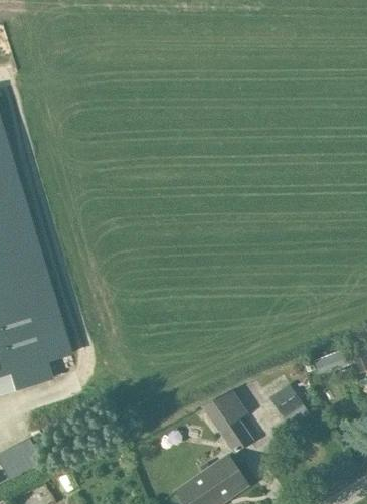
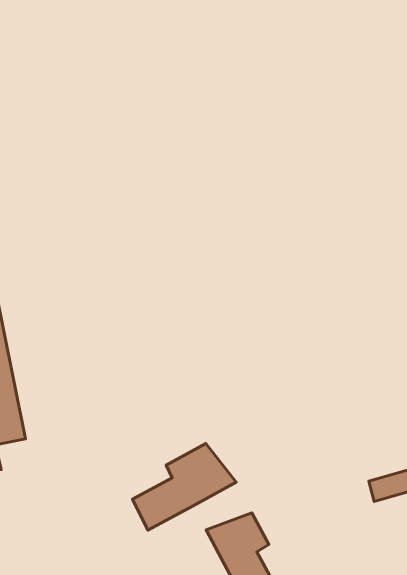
building: none -> [132,444,236,530]
building: [268,383,303,417] -> none

